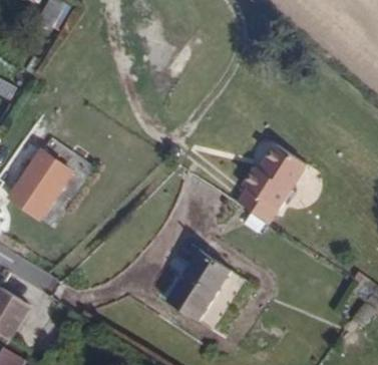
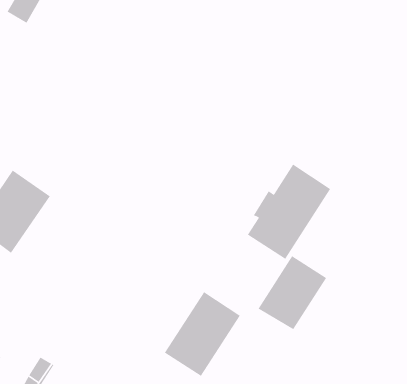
building: none -> [257,255,327,330]

